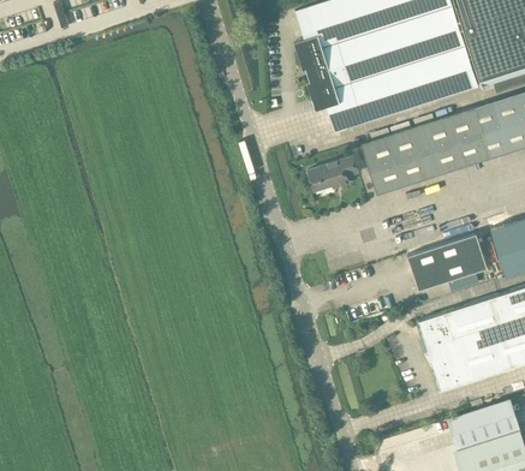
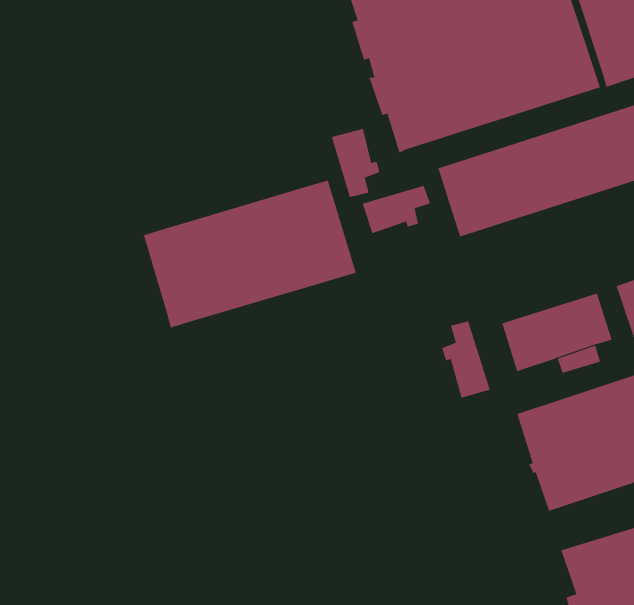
building: none -> [331,128,380,198]
building: none -> [142,180,356,328]
building: none -> [441,321,491,398]

